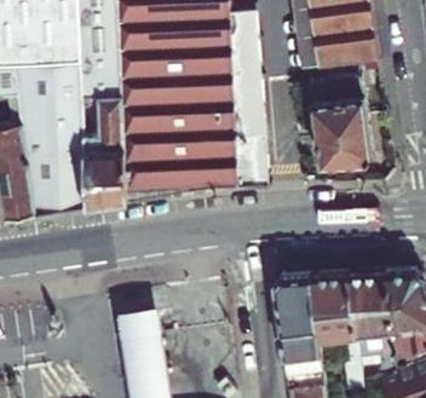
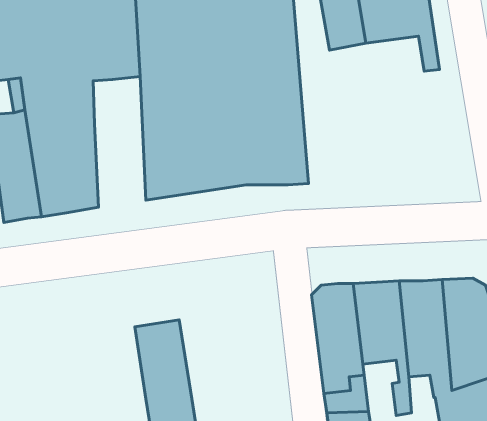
building: [310,81,374,168] -> none
building: [84,97,128,210] -> none

